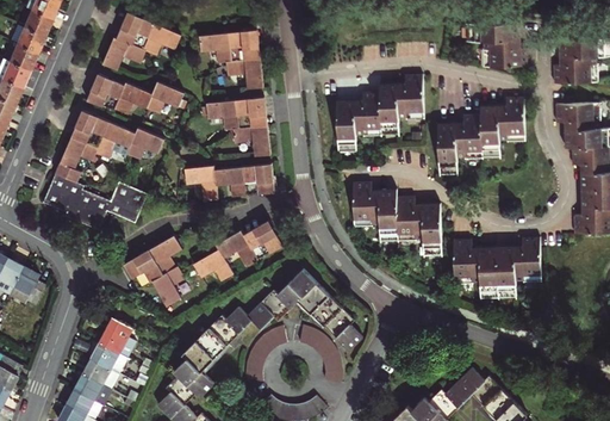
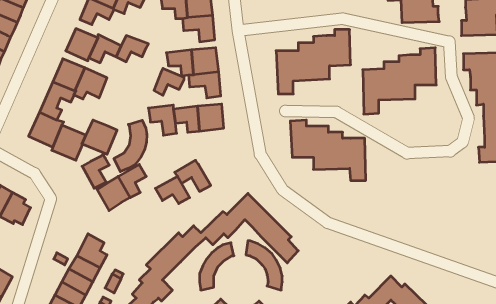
building: [126,128,162,160] -> [154,68,184,95]
building: none -> [114,120,147,172]
building: [243,221,282,260] -> none
building: [453,237,540,298] -> none
building: [151,266,183,307] -> [82,154,109,188]

